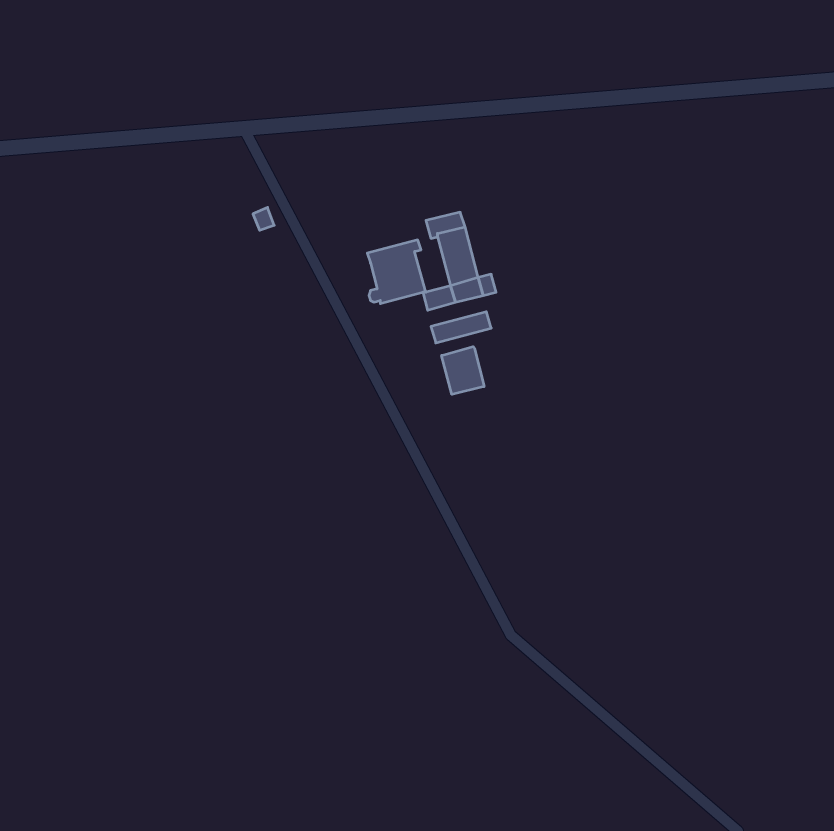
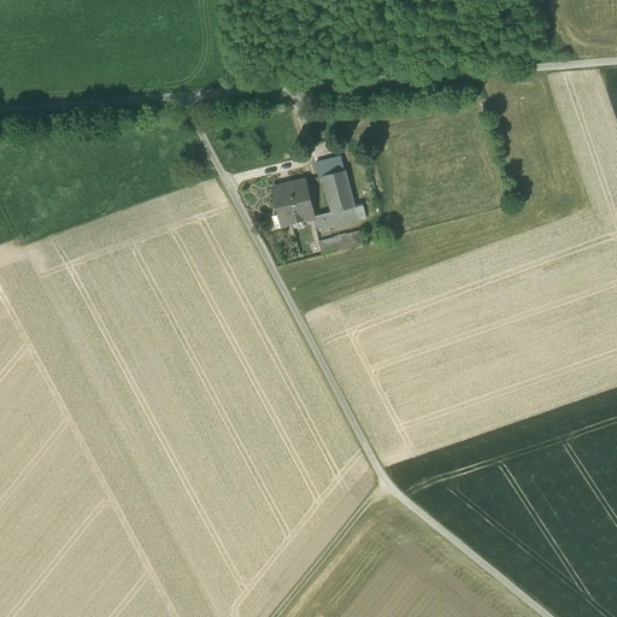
building: [442,347,484,394] -> none

